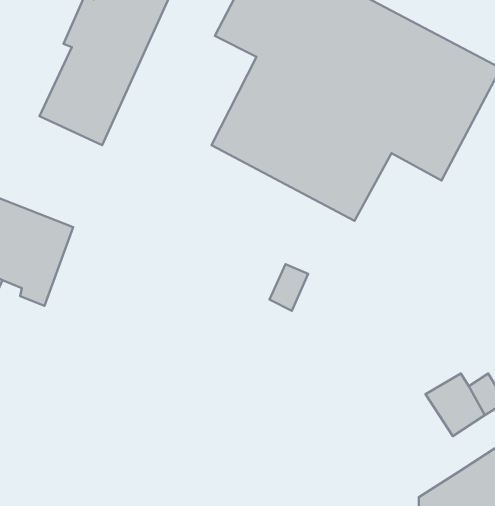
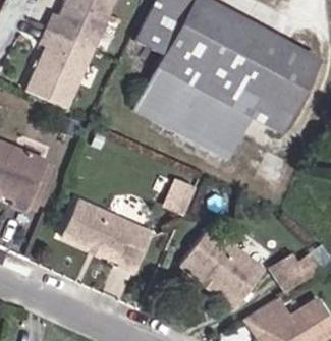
building: none -> [64,201,149,271]
building: none -> [181,227,264,305]
building: none -> [244,297,291,332]

